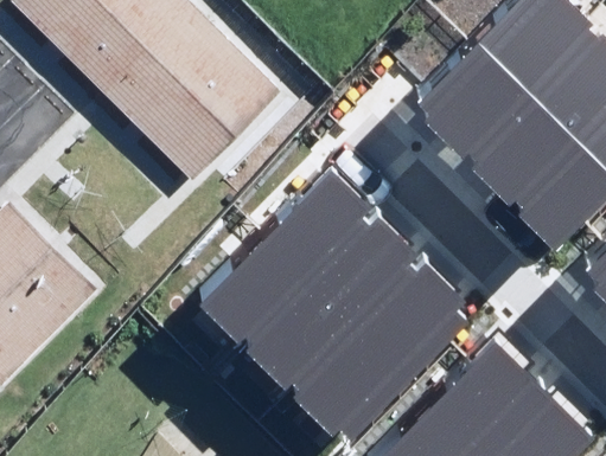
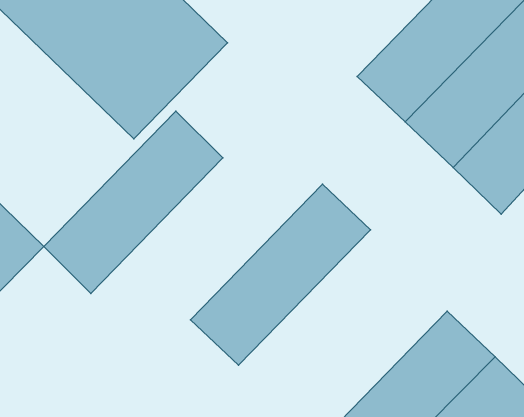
building: [199,175,376,355] -> [44,111,223,293]
building: [293,266,471,445] -> none

